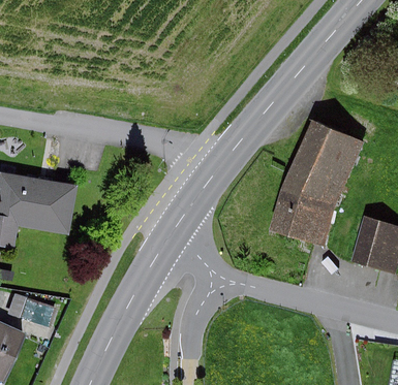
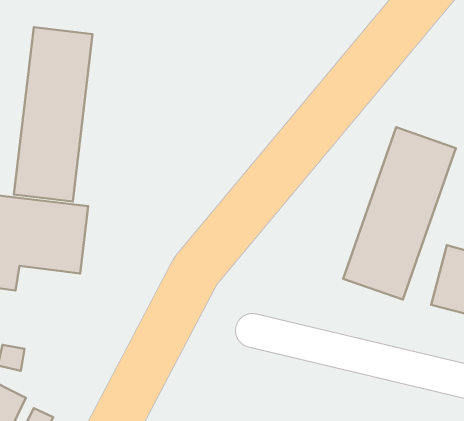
building: none -> [14,27,93,202]

